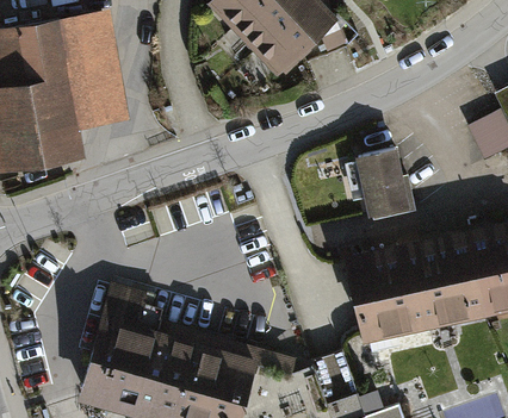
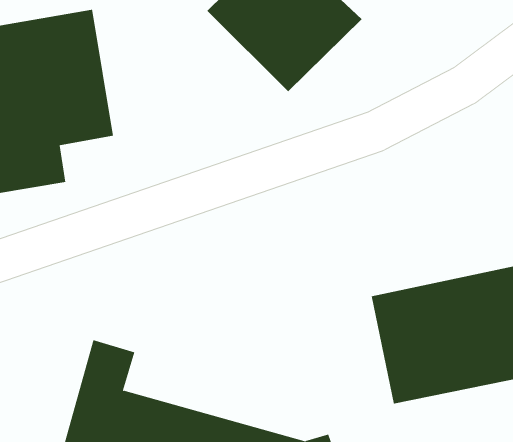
building: [357,150,411,218] -> none

